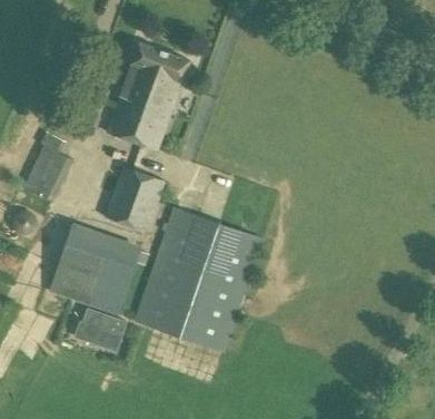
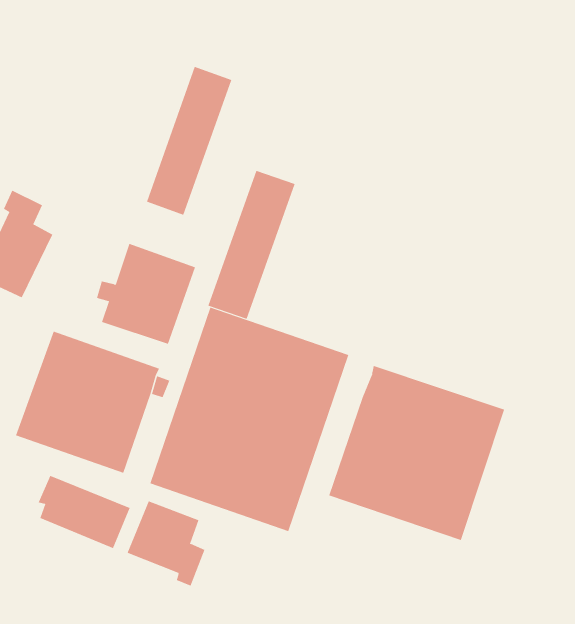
building: [107,41,164,138] -> [208,170,295,320]
building: none -> [328,365,505,541]
building: none -> [127,501,205,587]

